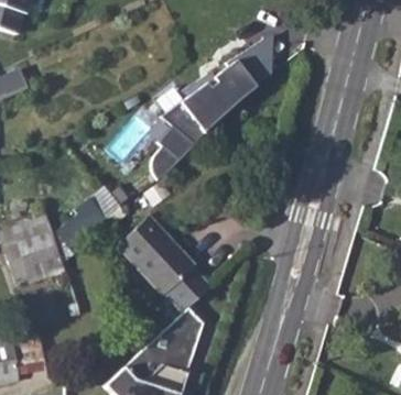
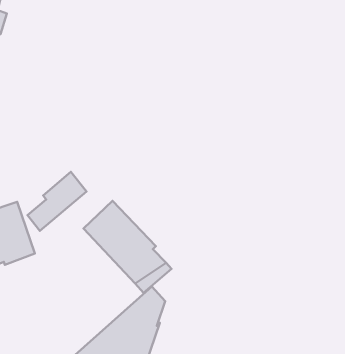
building: [145,39,283,174] -> none

